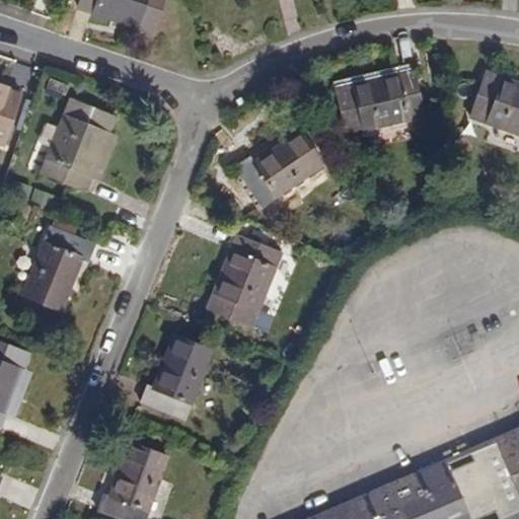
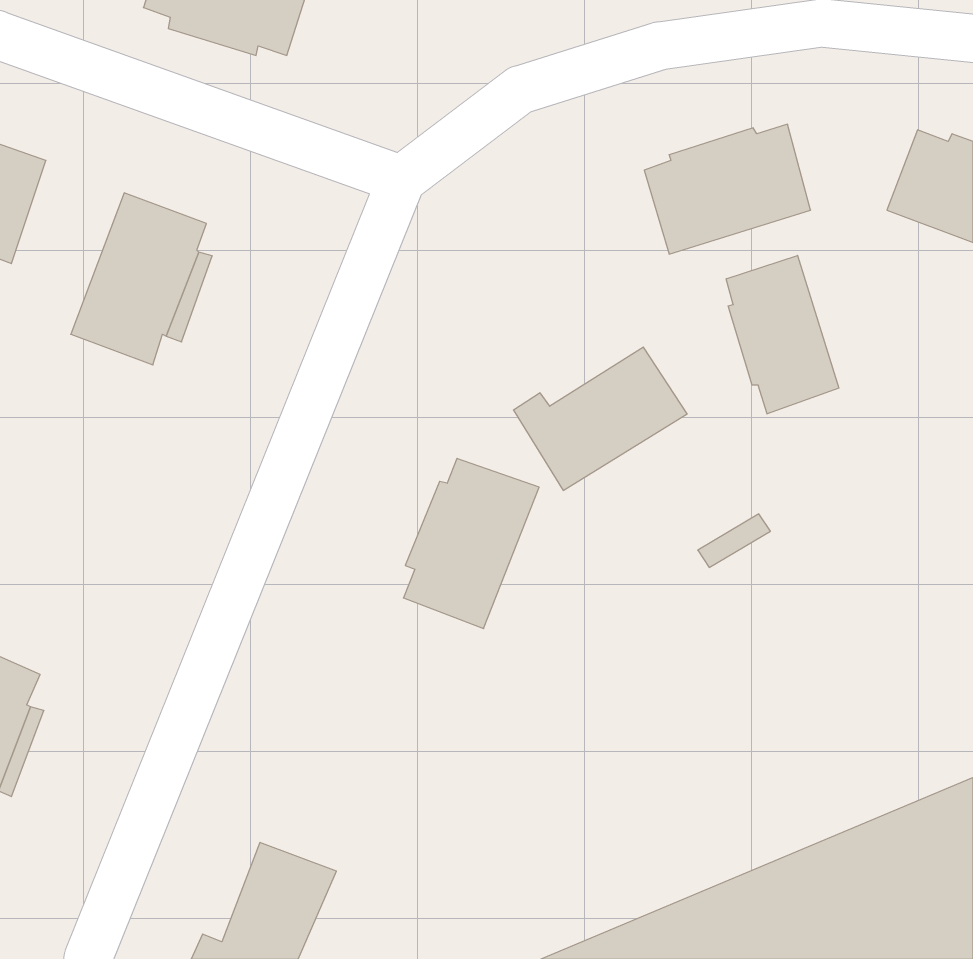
building: none -> [726,255,839,414]
building: [237,136,329,212] -> [513,347,687,490]
building: [17,232,91,317] -> none
building: [141,344,218,430] -> none

